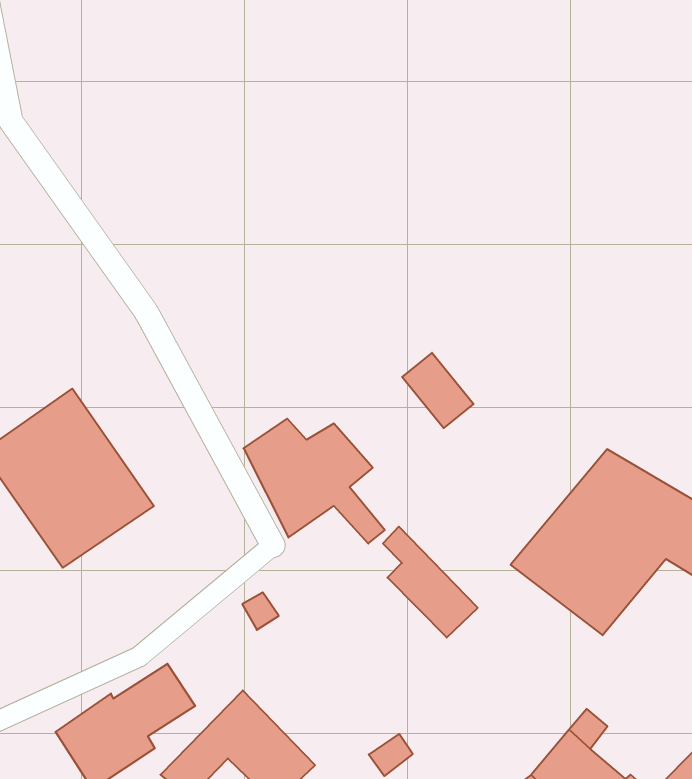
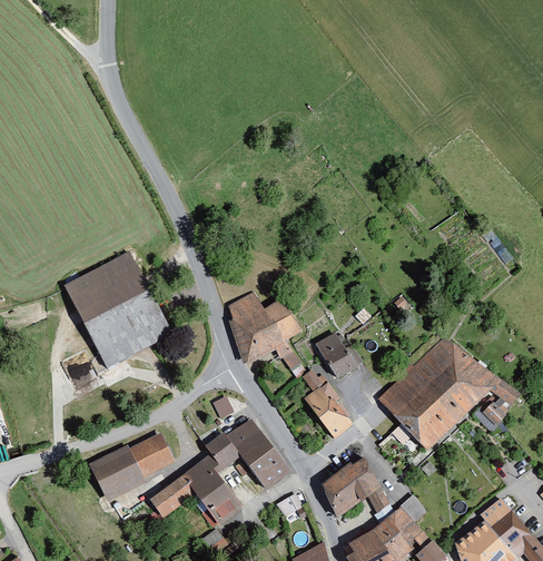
building: [402,353,474,428] -> [314,331,355,377]
building: none -> [208,417,290,485]
building: none -> [322,456,388,516]

